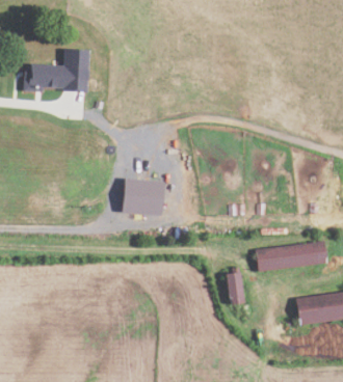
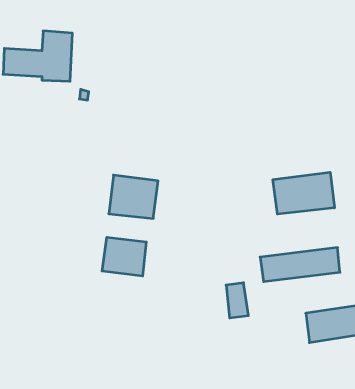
building: none -> [273,172,334,214]
building: none -> [102,237,146,276]

